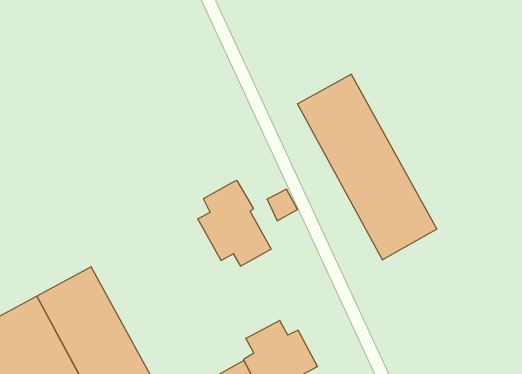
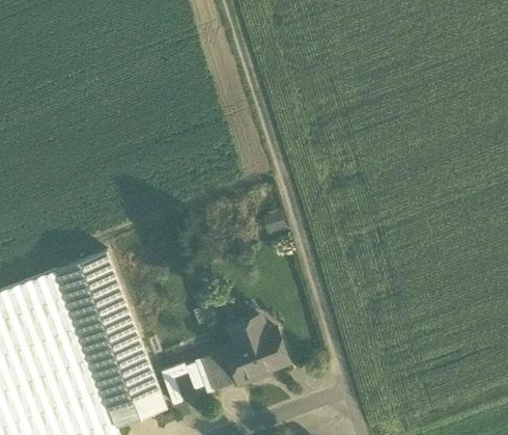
building: [297,74,437,260] -> none
building: [198,180,271,266] -> none

